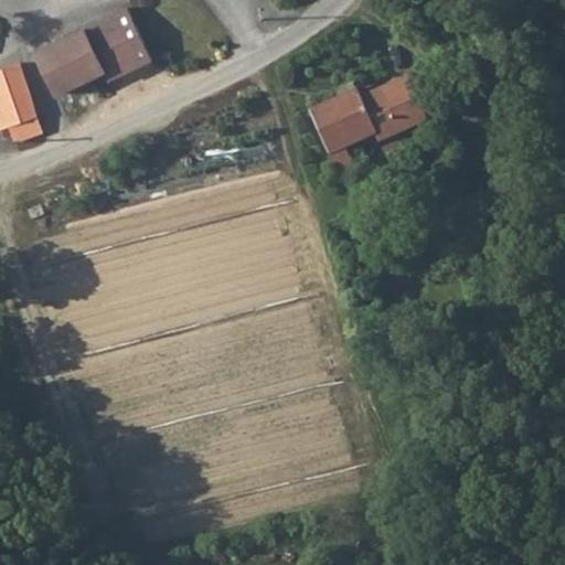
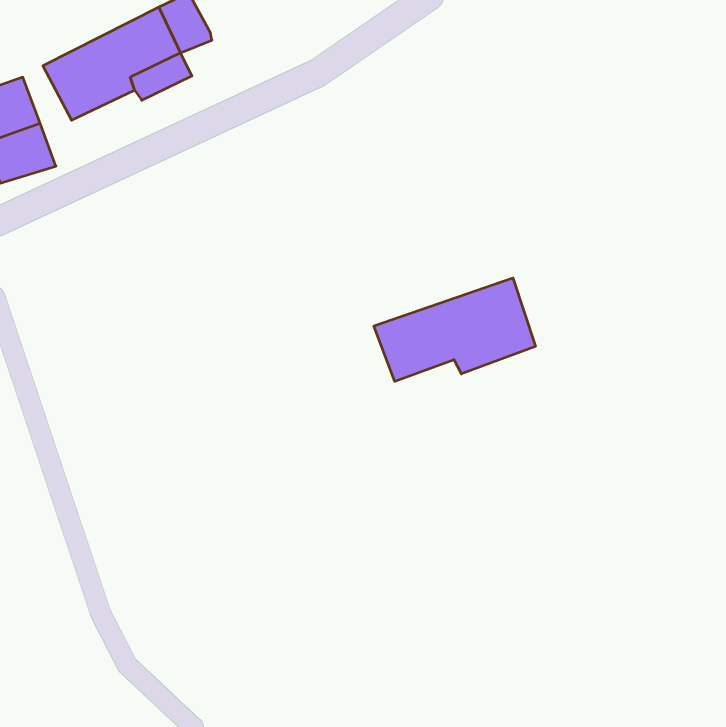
building: [305,83,425,177] -> none
building: none -> [374,278,535,381]

